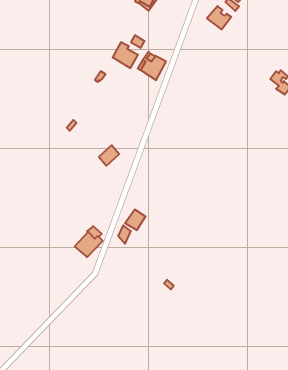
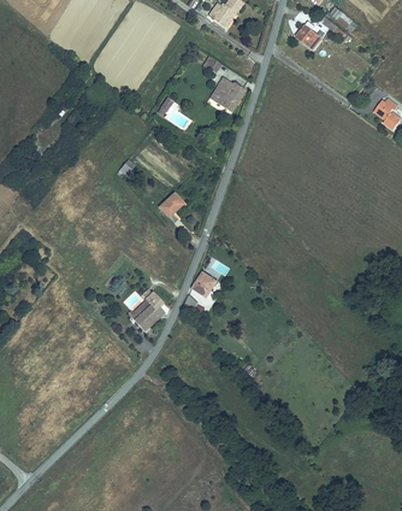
building: [113,42,138,68] -> none

